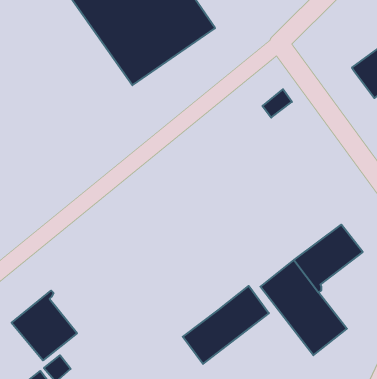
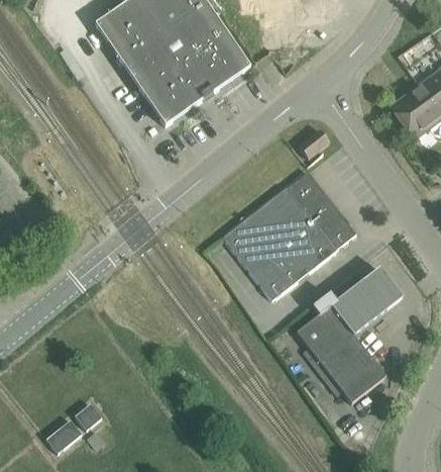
building: none -> [223,170,356,298]
building: [183,286,269,364] -> none
building: [12,291,77,360] -> none

